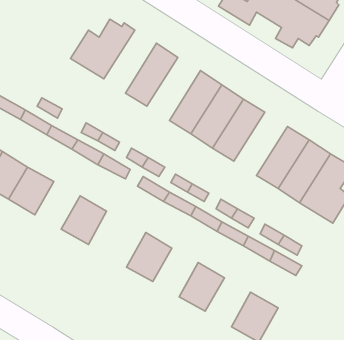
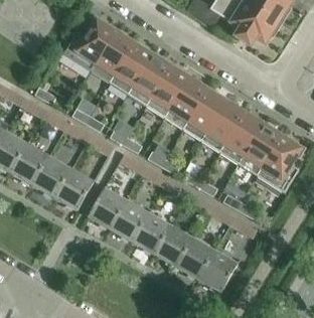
building: none -> [91,29,135,83]
building: none -> [127,52,172,106]
building: none -> [200,99,246,152]
building: none -> [32,157,70,197]
building: none -> [88,188,126,229]
building: none -> [132,213,170,255]
building: none -> [176,239,214,280]

